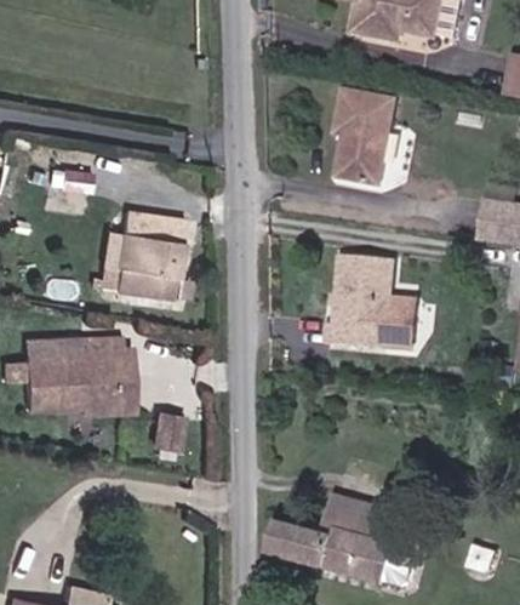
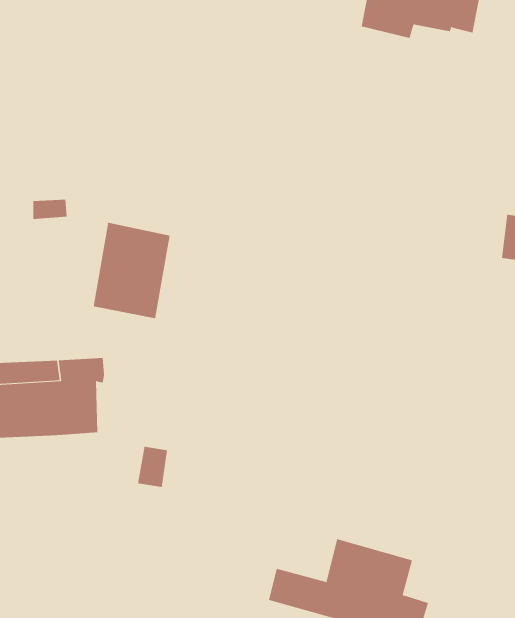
building: [336,93,396,189] -> none
building: [327,259,417,356] -> none
building: [81,349,132,413] -> none

